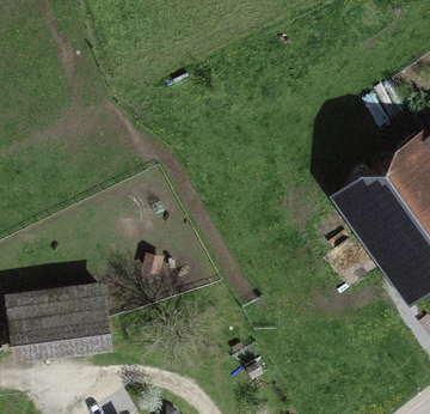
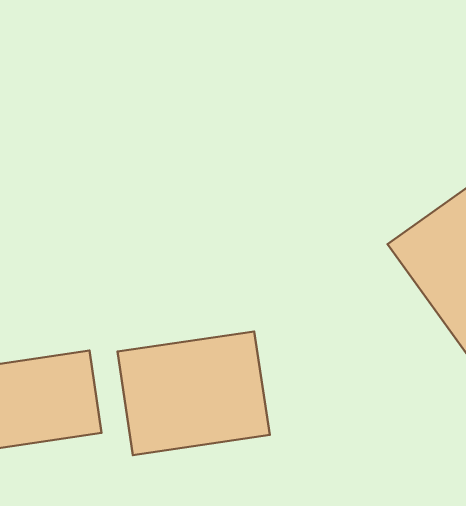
building: none -> [117,331,270,455]

